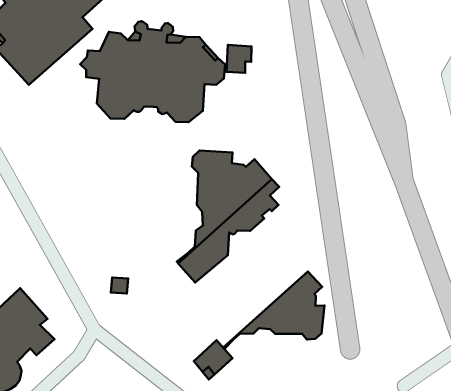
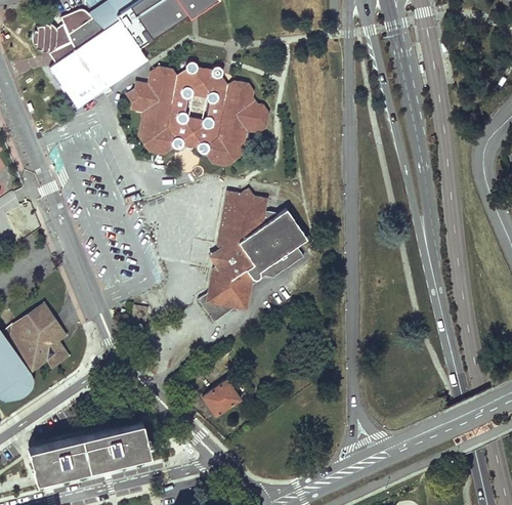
building: [226,45,251,73] -> none
building: none -> [208,208,229,291]
building: [223,271,325,349] -> none

